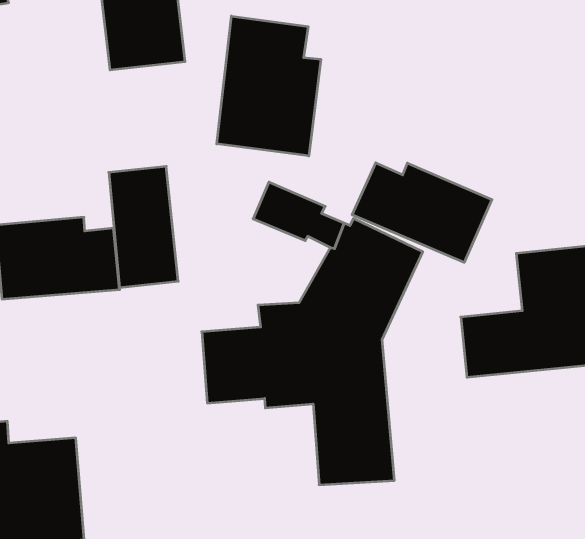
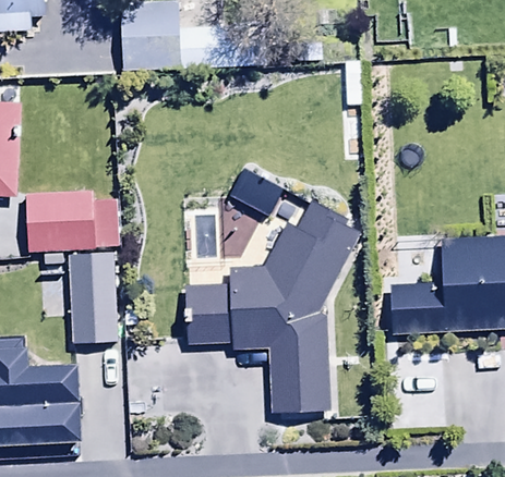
building: [217,16,321,156] -> none
building: [352,163,492,262] -> none
building: [109,166,178,287] -> [69,250,119,344]

